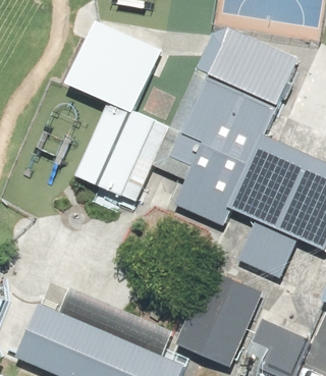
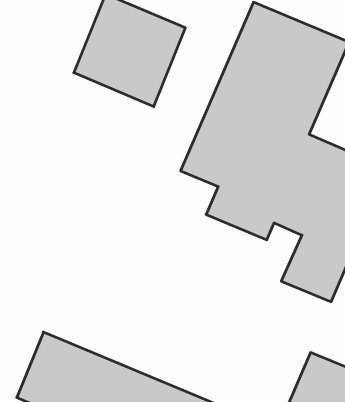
building: [77,104,168,201] -> none
building: [169,256,255,355] -> none

